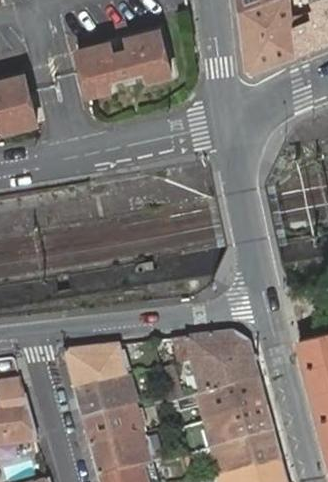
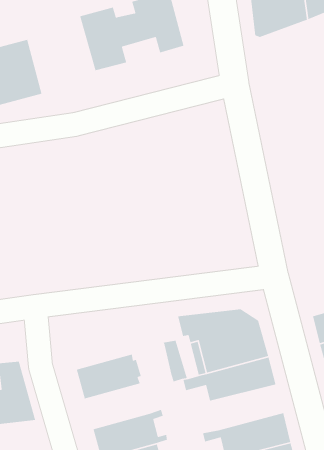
building: [64,344,129,389] -> none
building: [82,403,145,446] -> none
building: [189,404,273,447] -> none

